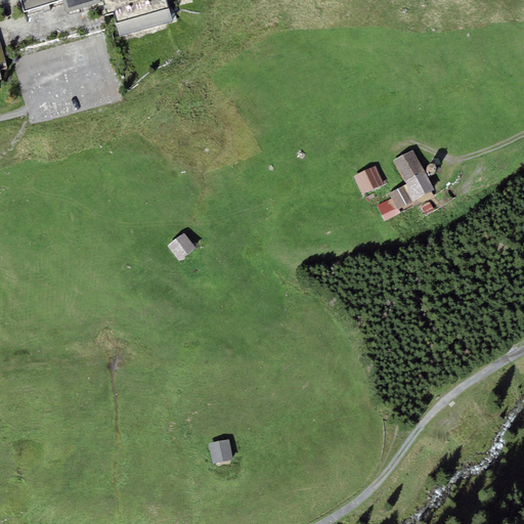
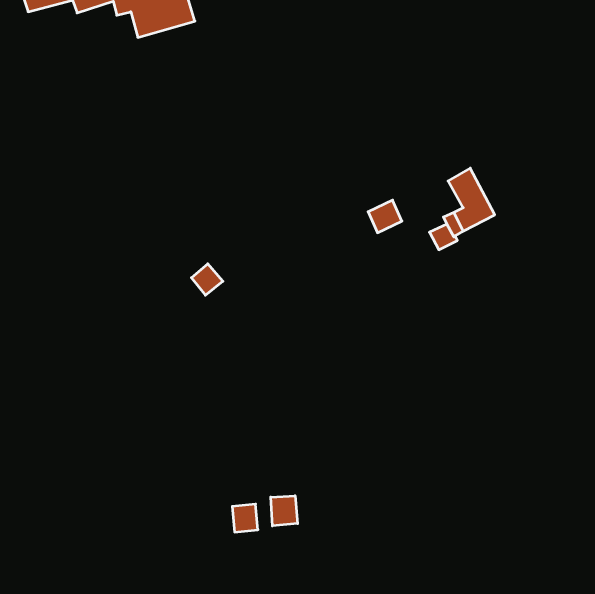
building: [355,164,385,192] -> [368,200,402,233]
building: none -> [271,496,298,526]

